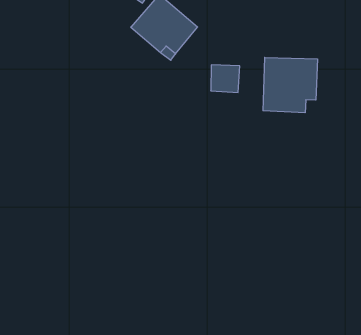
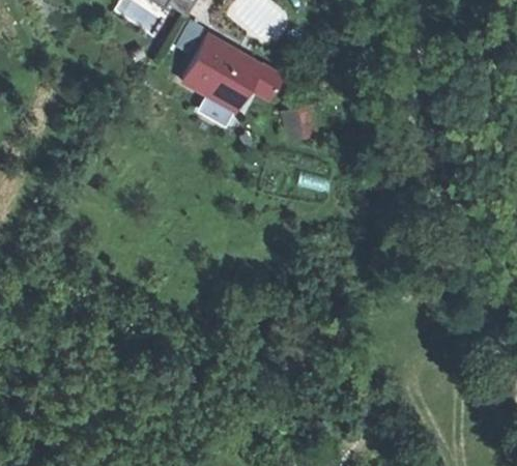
building: [263,57,317,113] -> none

